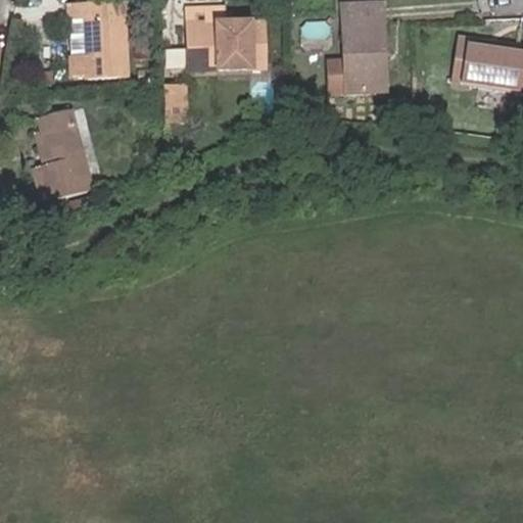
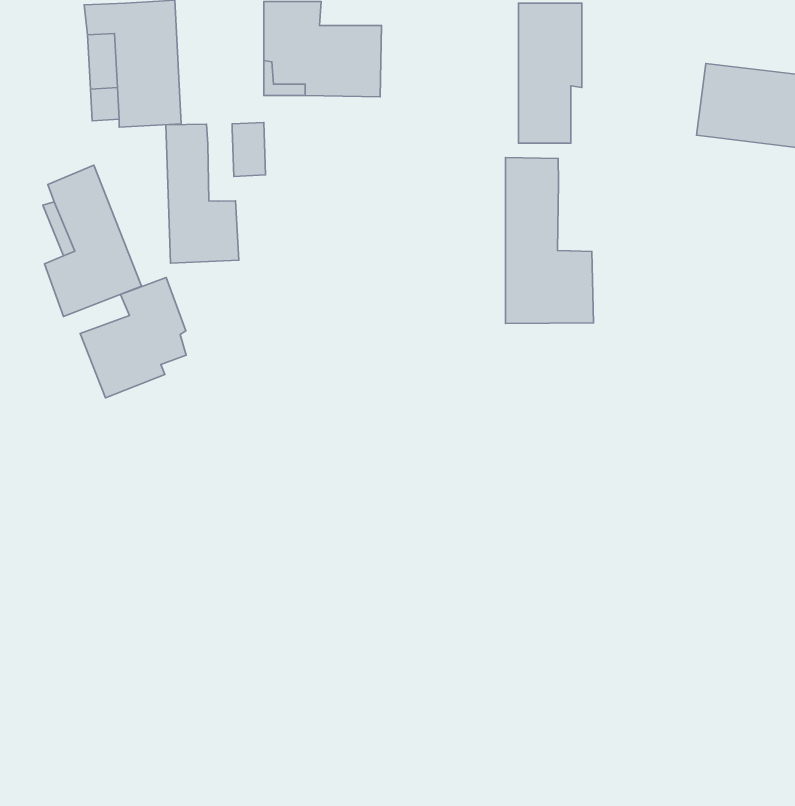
building: none -> [166,124,239,263]
building: none -> [506,157,593,323]
building: none -> [80,278,186,398]

